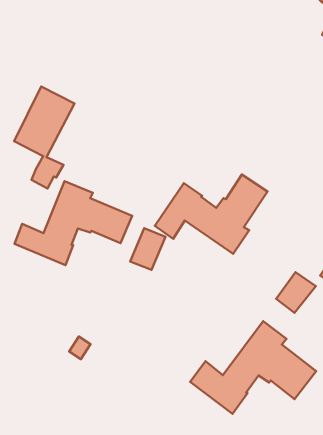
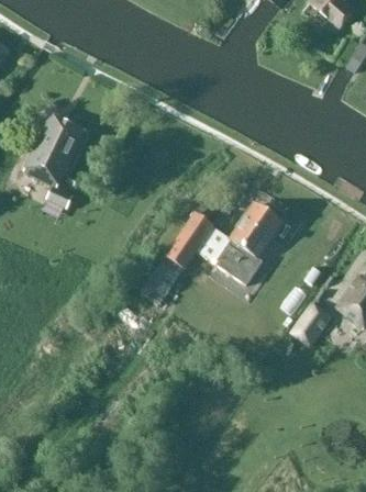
building: [14,181,132,265] -> none
building: [190,321,316,414] -> none

